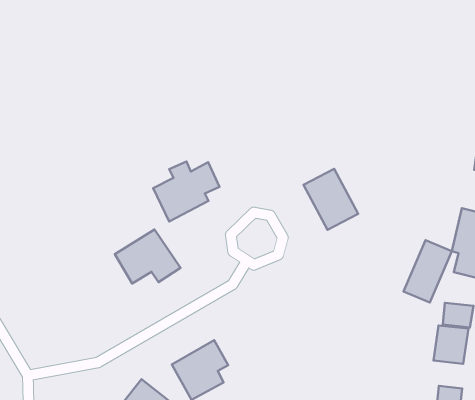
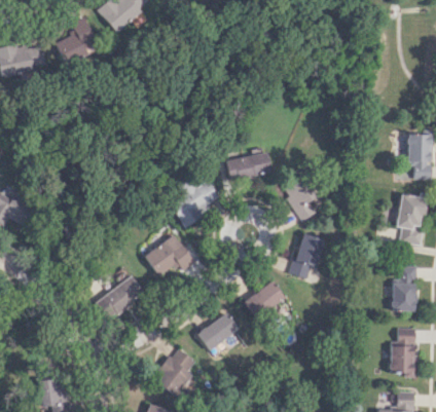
building: none -> [226,152,273,181]
building: [404,240,452,303] -> [290,233,323,279]
building: none -> [97,275,146,320]
building: none -> [244,280,286,320]

